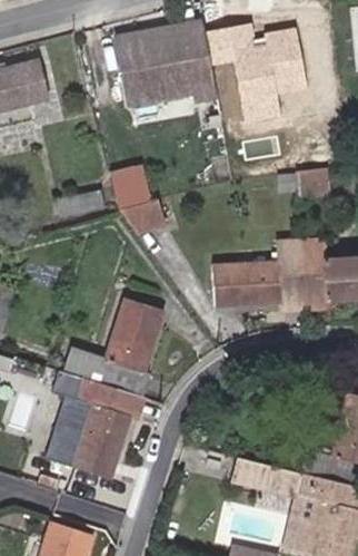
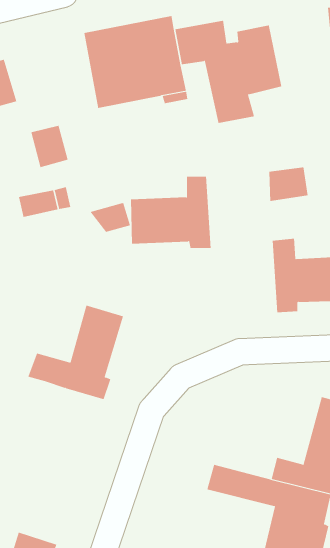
building: [113,170,150,212] -> [31,125,68,168]
building: [225,240,304,310] -> [130,176,212,249]
building: [49,377,137,476] -> none

